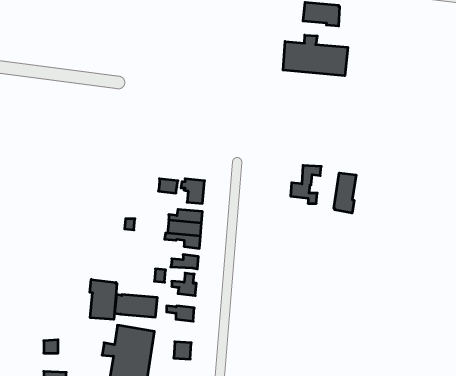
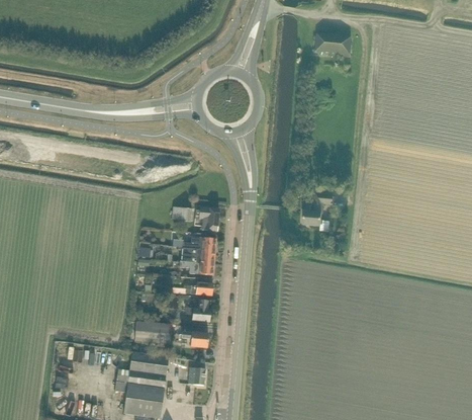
building: [283,35,348,76] -> none
building: [334,173,356,213] -> none
building: [90,279,117,319] -> none

